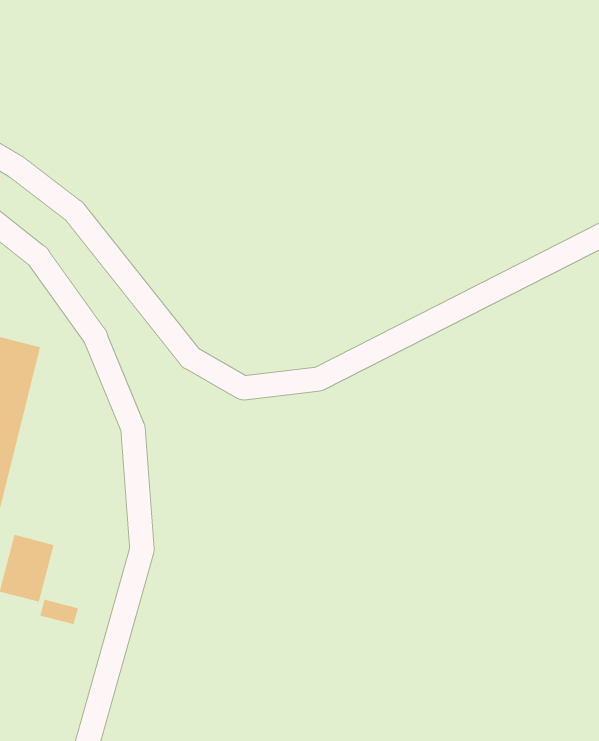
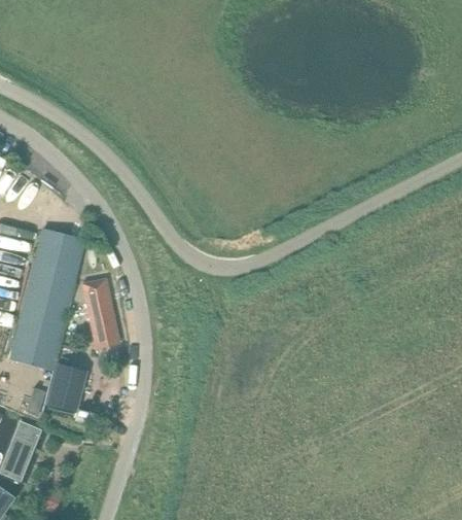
building: none -> [82,279,119,347]

